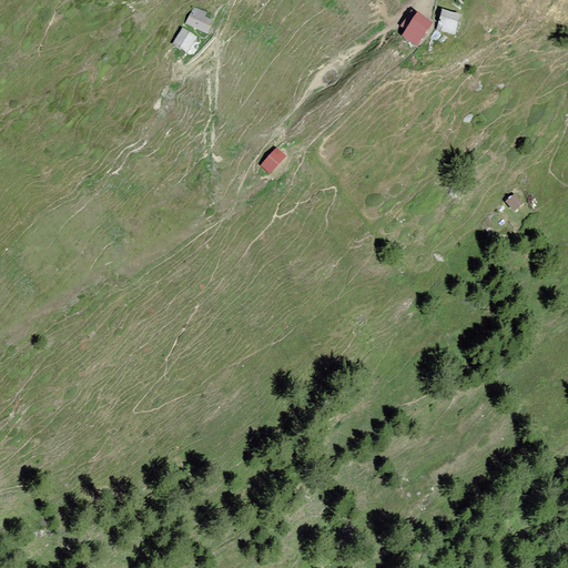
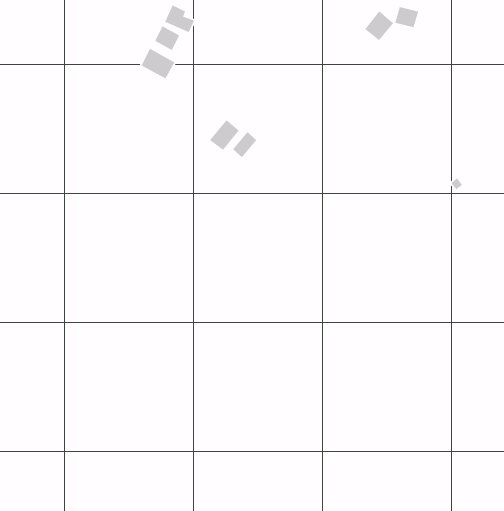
building: none -> [141,47,176,79]
building: none -> [209,119,240,151]

